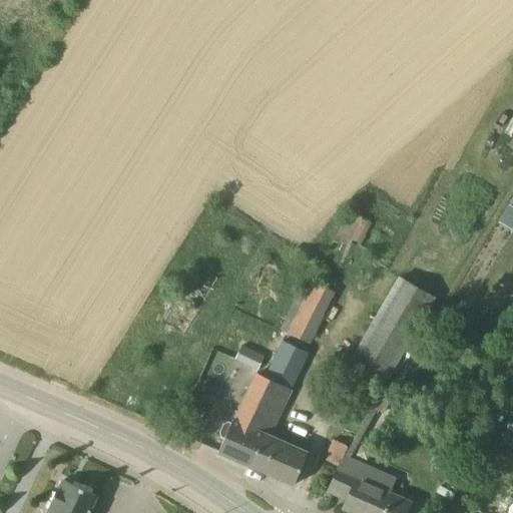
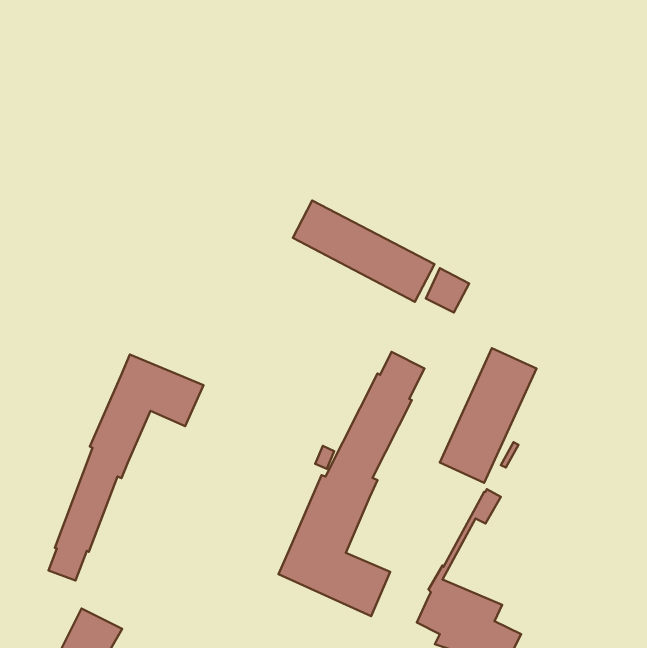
building: none -> [293,201,434,302]
building: none -> [48,355,203,580]

